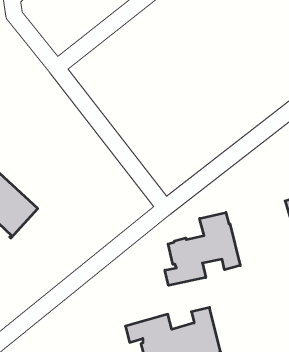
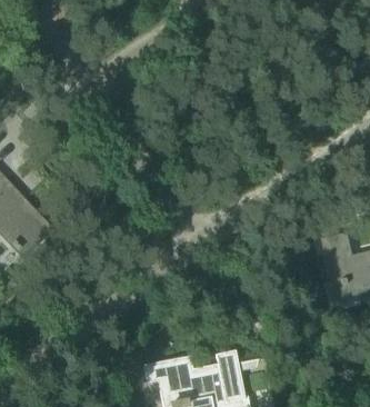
building: [165,212,240,285] -> none

